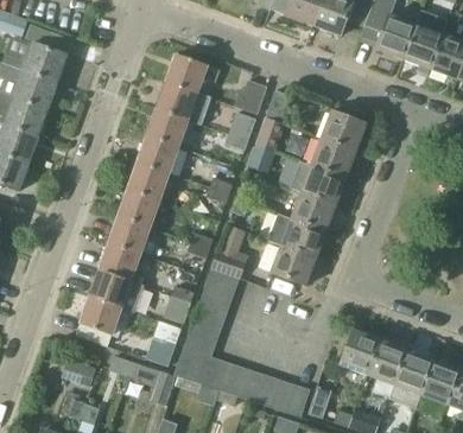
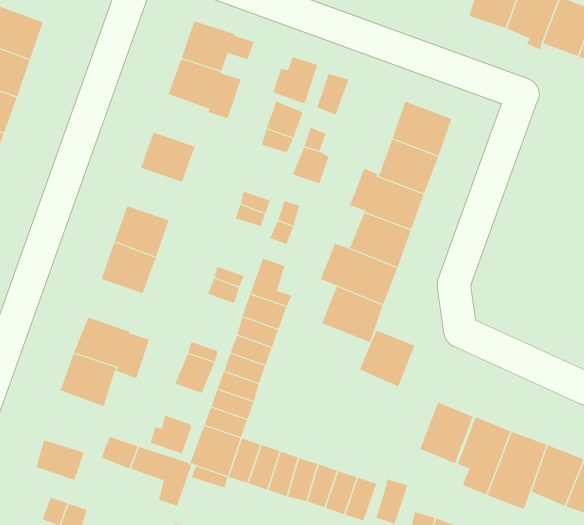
building: [147,107,188,145] -> none
building: [128,160,169,198] -> none
building: [100,241,140,279] -> none
building: none -> [359,330,415,387]

